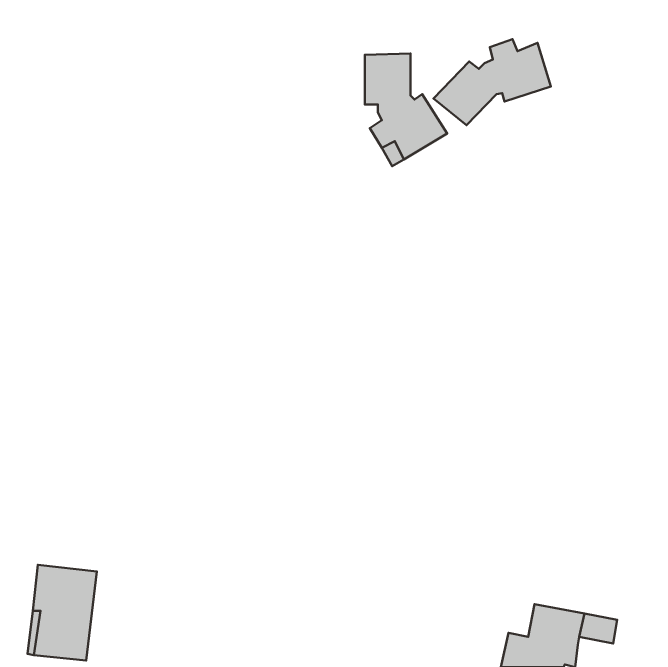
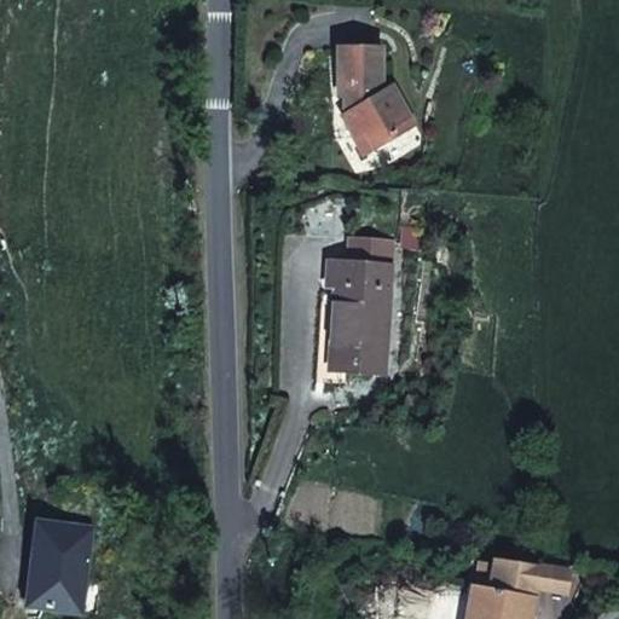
building: [434,39,551,125] -> none
building: none -> [326,239,394,372]

